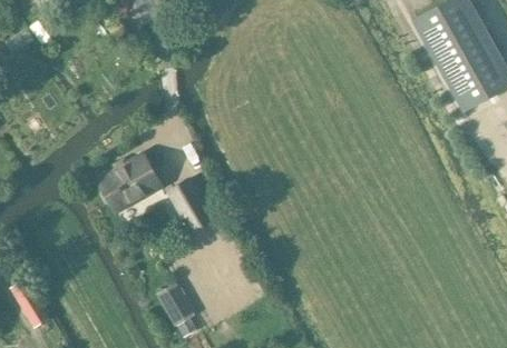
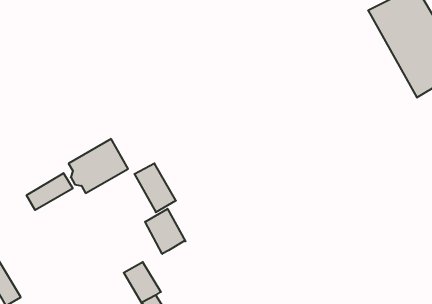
building: none -> [27,173,73,210]
building: none -> [145,209,186,254]

